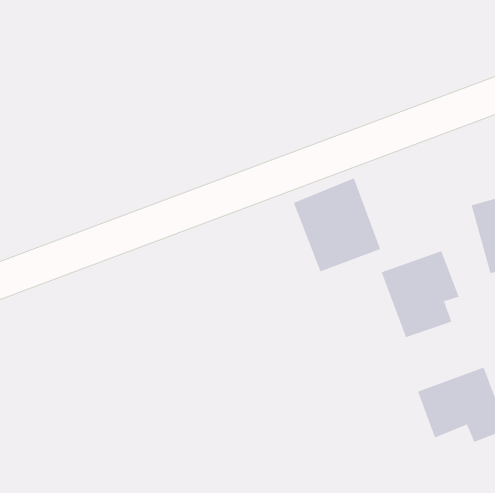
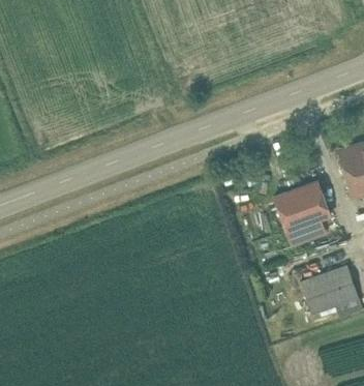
building: [293,178,381,272] -> none

